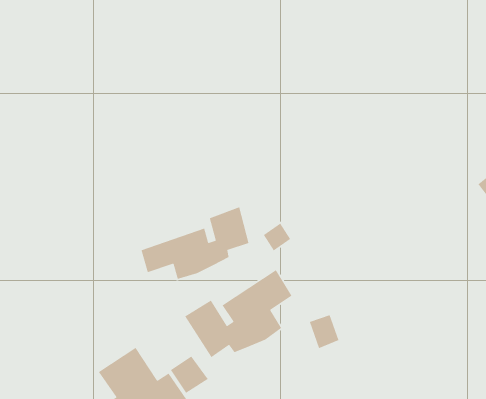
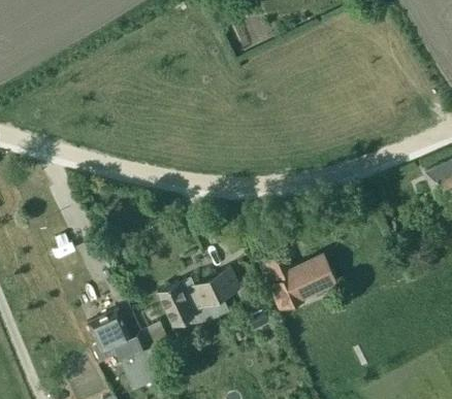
building: [140,206,249,280] -> none
building: none -> [262,252,336,311]

